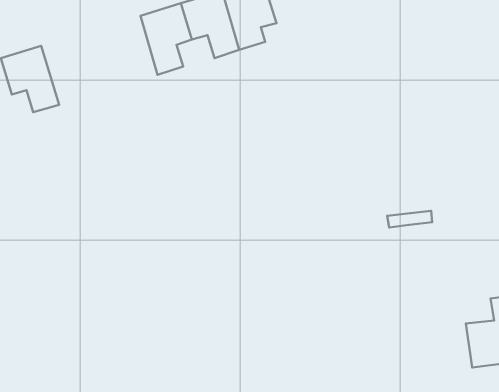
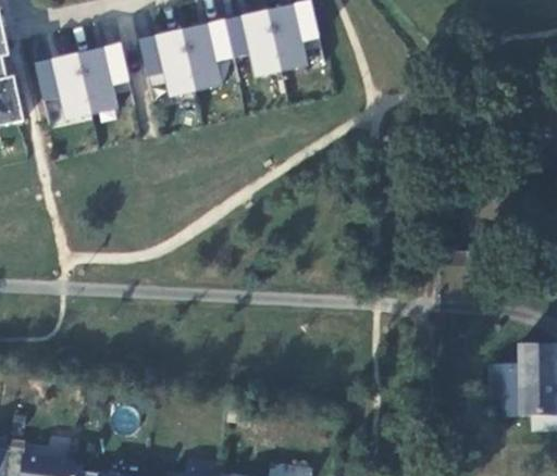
building: none -> [138,27,195,96]
building: none -> [77,41,131,113]

